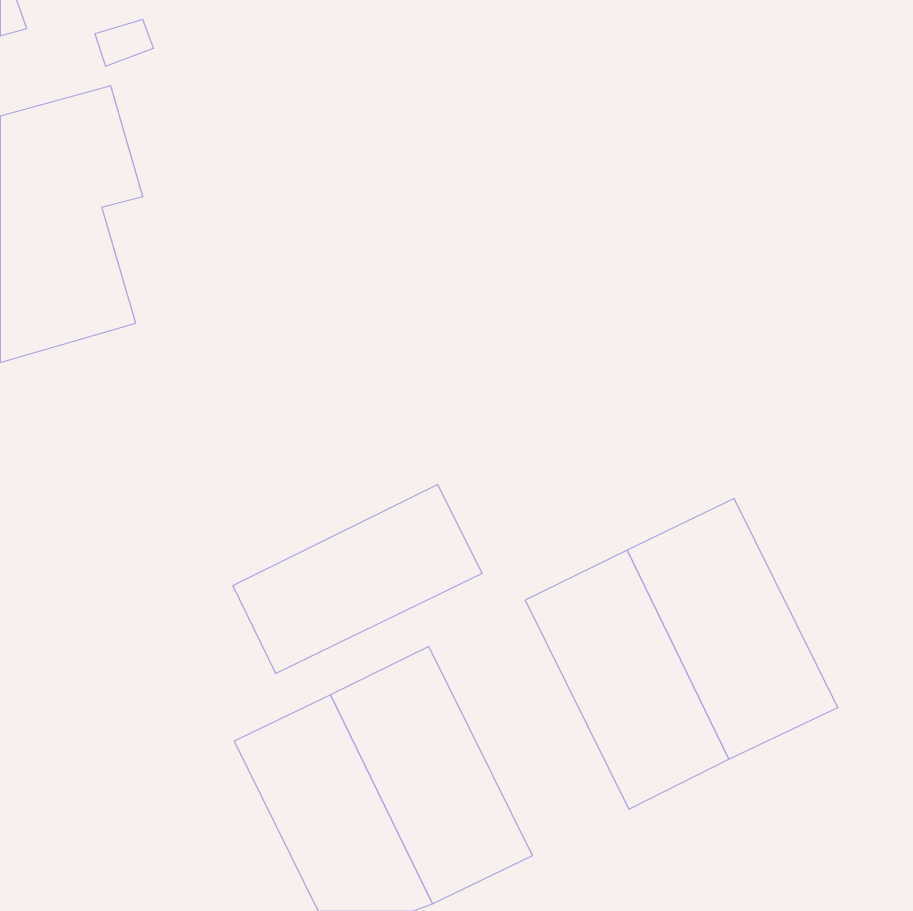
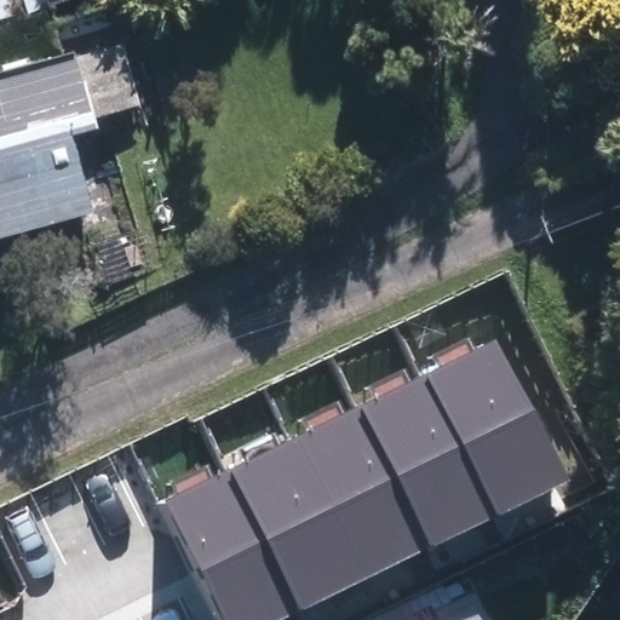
building: [233,484,482,674] -> none
building: none -> [291,407,426,580]

